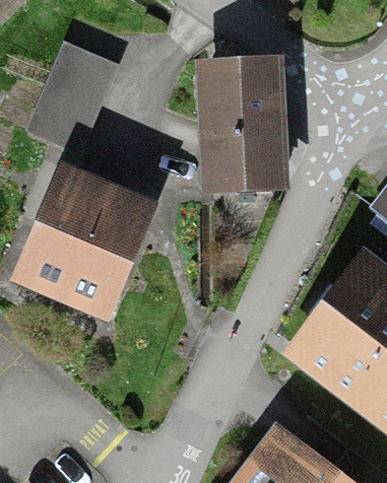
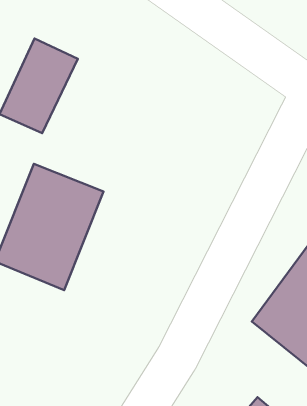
building: [200,69,274,191] -> none

